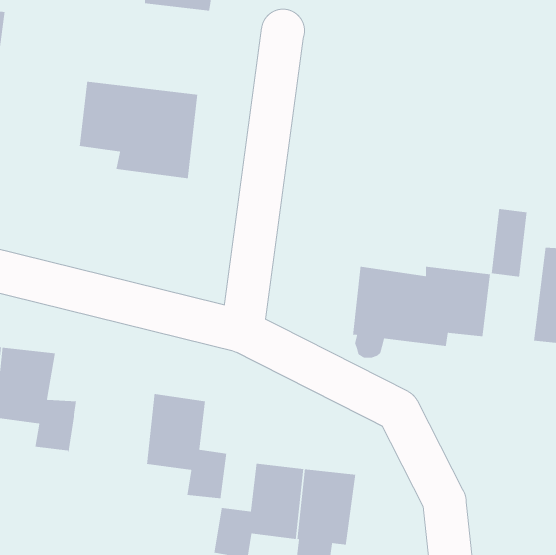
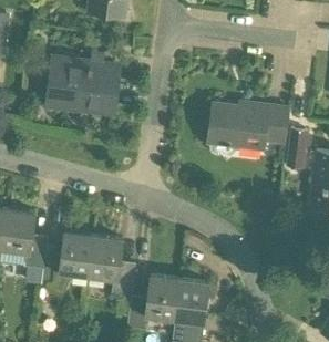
building: [352,266,491,359] -> [208,103,288,156]
building: none -> [41,232,93,296]

